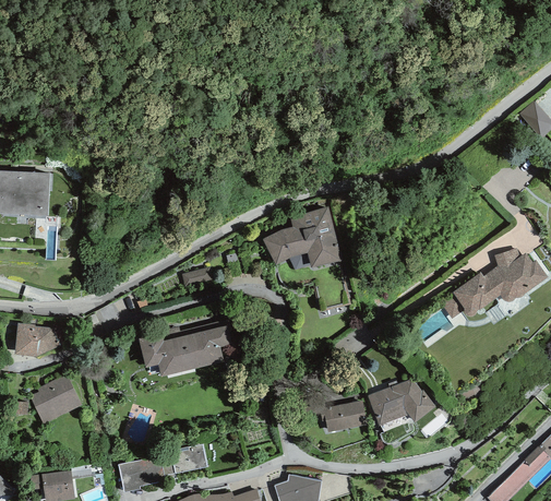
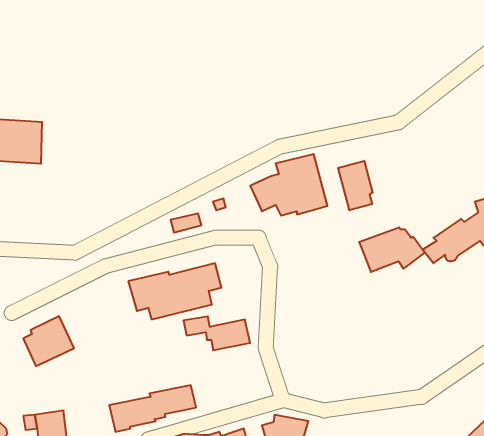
building: none -> [338,161,373,210]
building: [14,323,63,357] -> none
building: [368,380,435,426] -> [359,227,425,272]
building: [298,397,367,432] -> [183,316,250,350]

